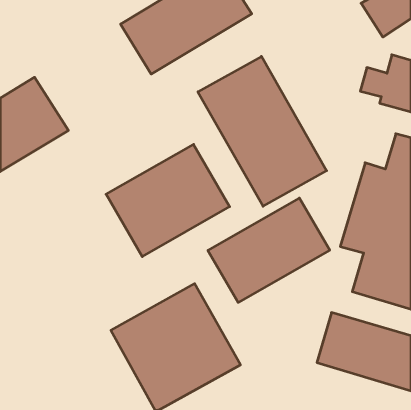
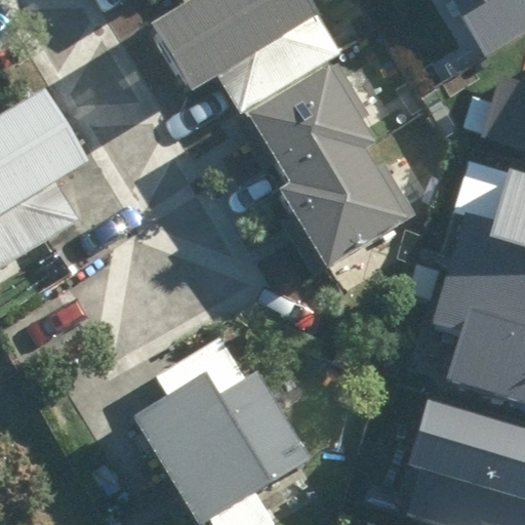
building: [106,144,230,257] -> none
building: [208,198,330,302] -> none

